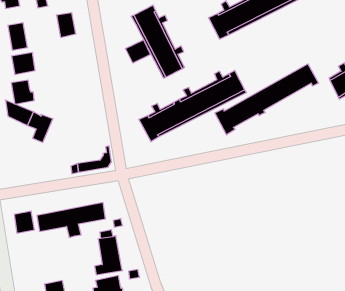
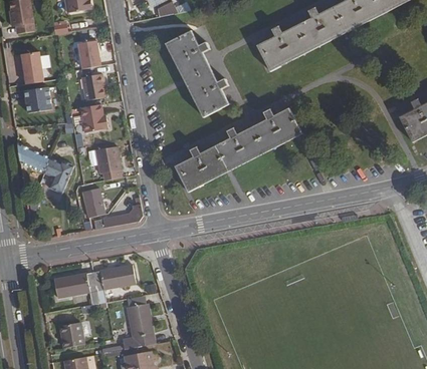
building: [125,40,150,63] -> none
building: none -> [80,72,105,99]
building: [215,64,319,135] -> none
building: [11,80,34,104] -> [79,103,106,131]
building: none -> [94,145,121,179]
building: none -> [81,188,104,218]
building: [14,211,35,233] -> [59,322,83,348]

